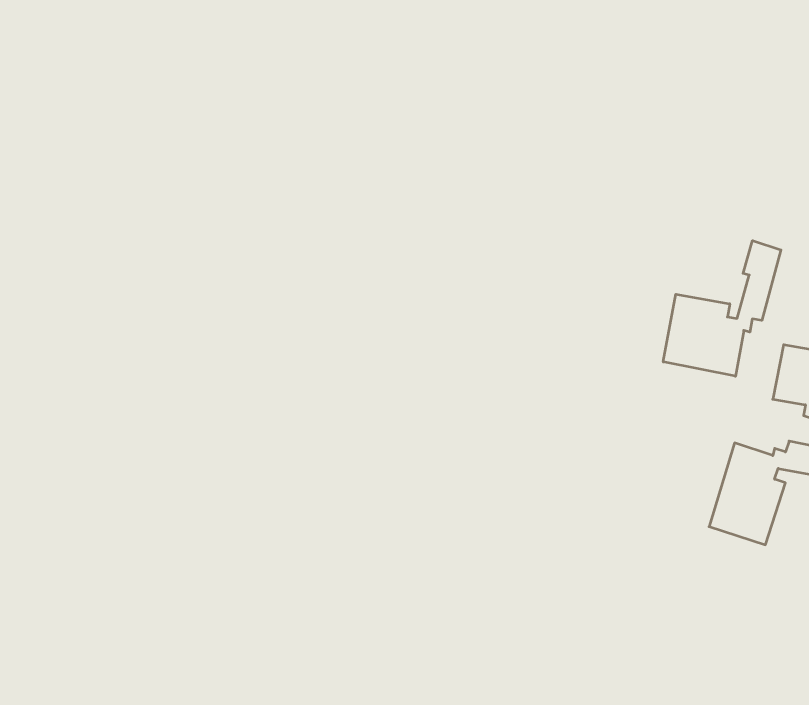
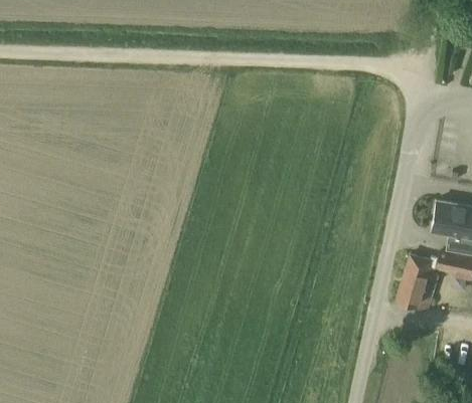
building: [663,241,781,376] -> none

